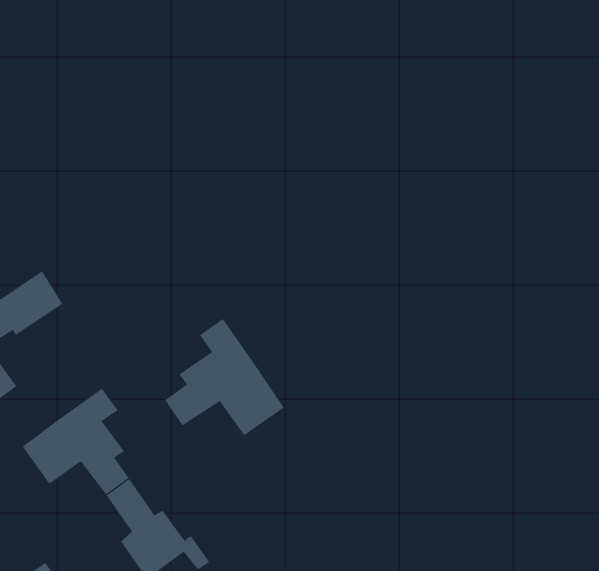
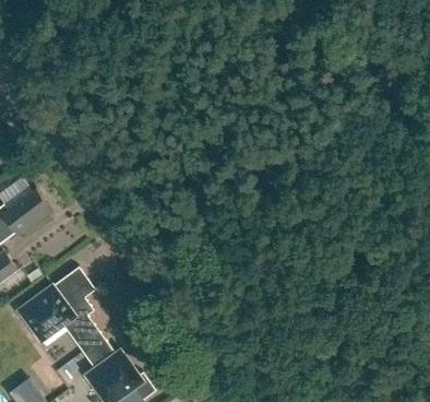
building: [165,318,285,436] -> none

